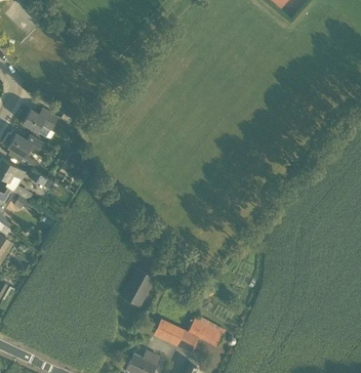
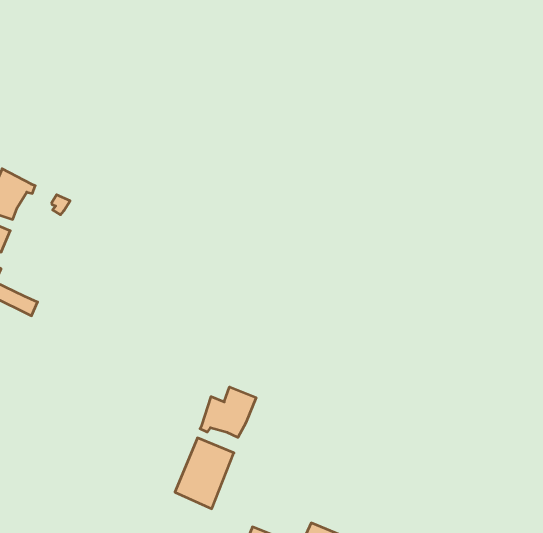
building: none -> [200,387,256,437]

